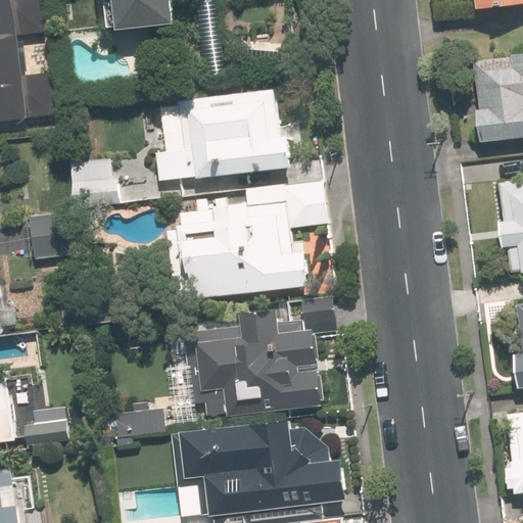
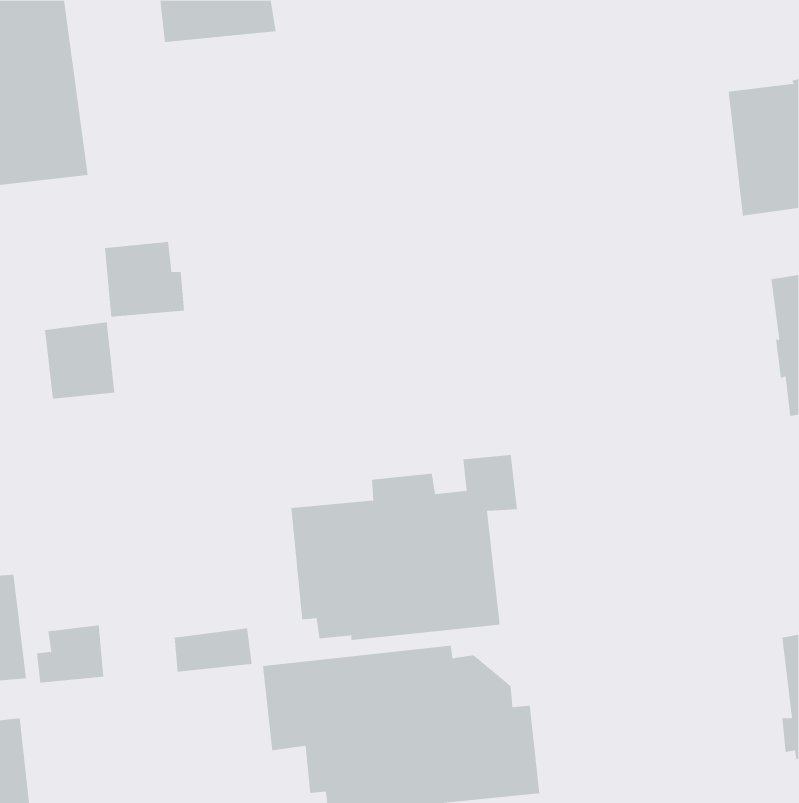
building: [155,89,292,181] -> none
building: [177,180,329,300] -> none

